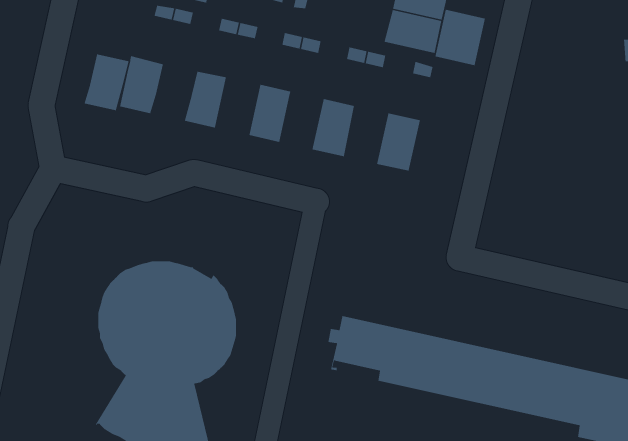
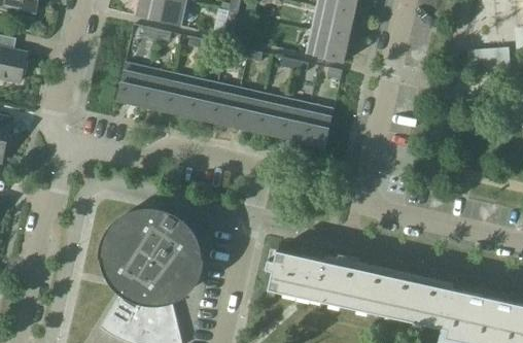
building: [434,9,486,66] -> none
building: [83,54,129,111] -> [139,70,172,111]
building: none -> [185,79,217,122]
building: none -> [232,90,263,132]
building: none -> [278,100,309,142]

